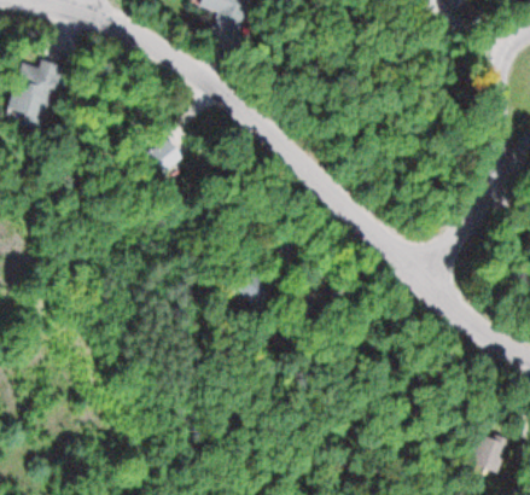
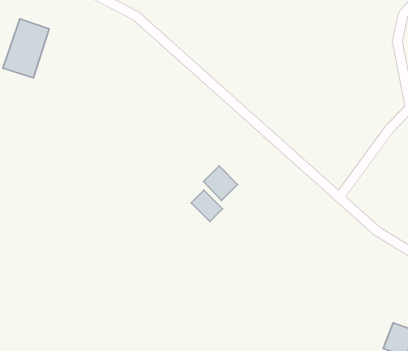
building: [142,139,184,177] -> none
building: none -> [204,166,237,200]

